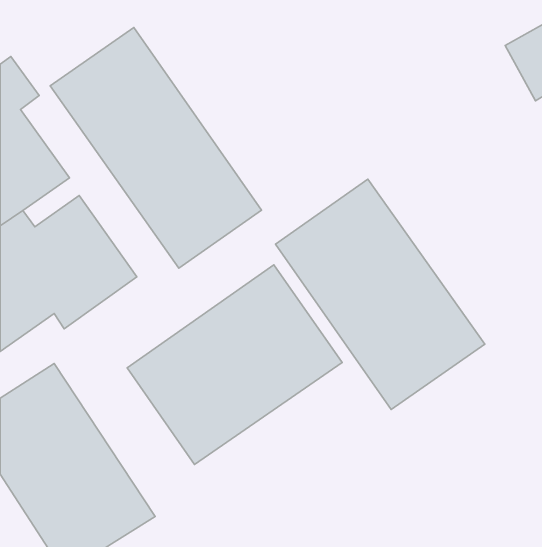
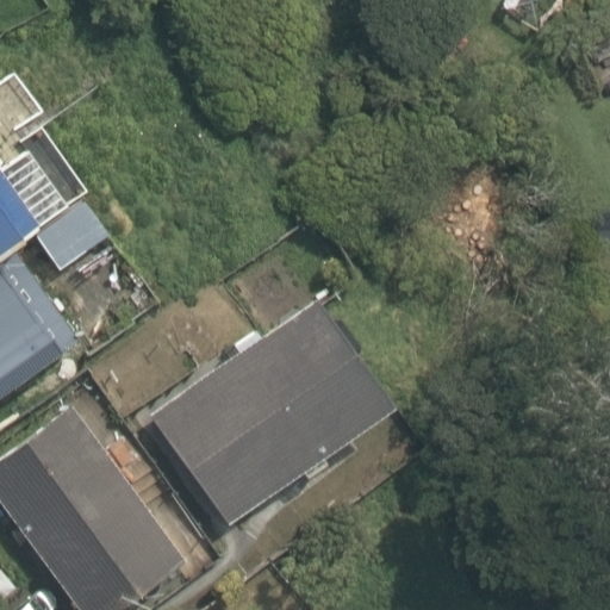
building: [50,27,261,268] -> none
building: [276,179,485,410] -> none

